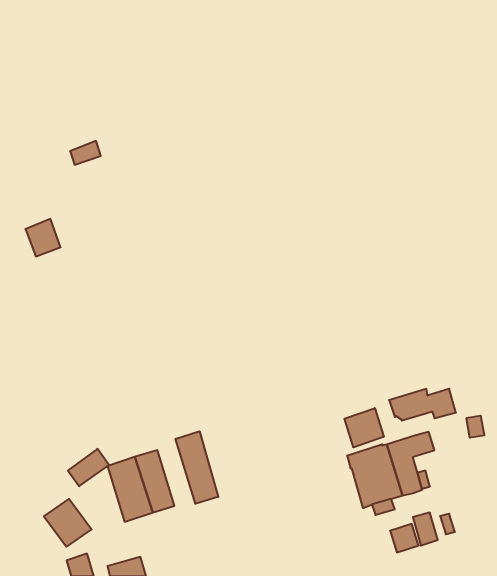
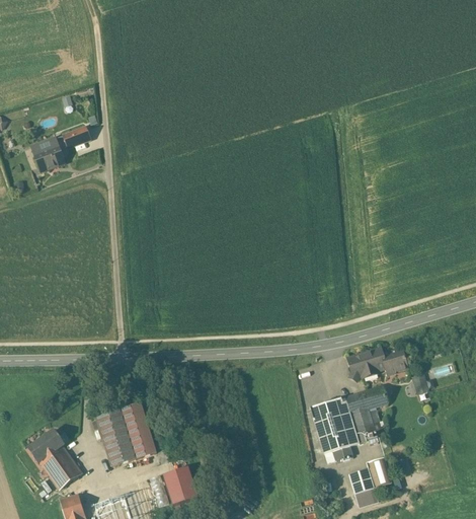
building: [25,219,61,256] -> [31,137,63,170]
building: [344,408,384,447] -> none
building: [176,431,218,504] -> none
building: [68,449,109,486] -> [27,429,64,462]
building: none -> [164,466,197,505]

